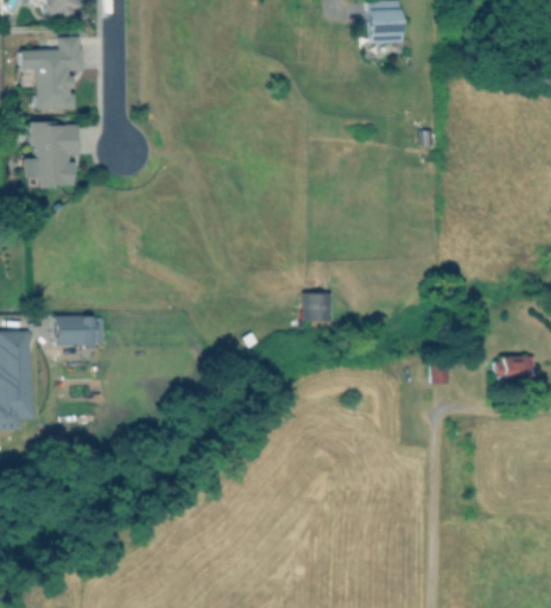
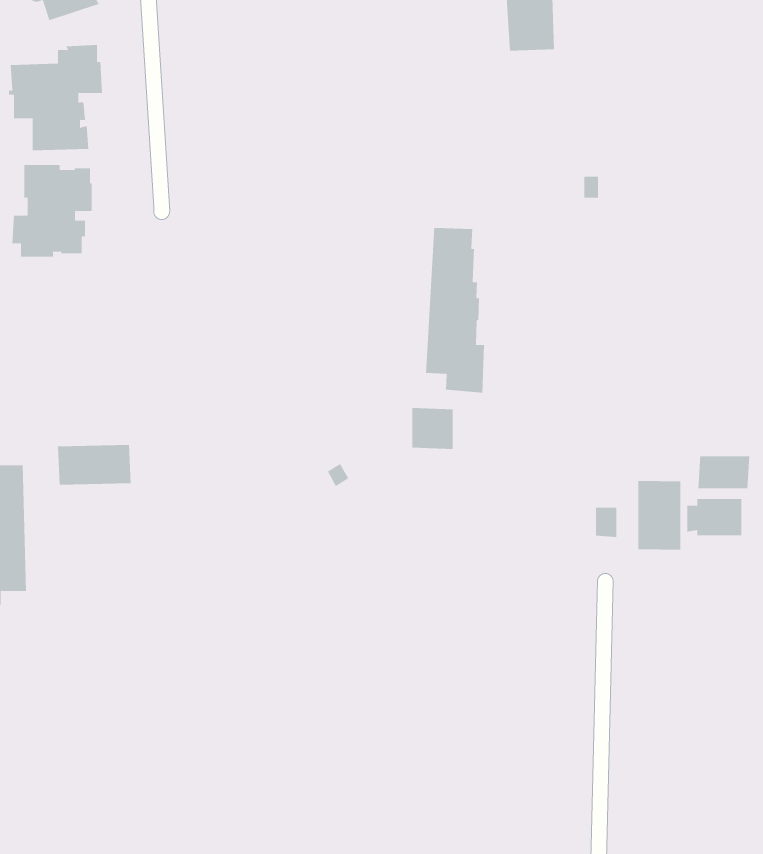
building: none -> [425,227,485,394]
building: none -> [698,455,750,489]
building: none -> [638,480,681,551]

